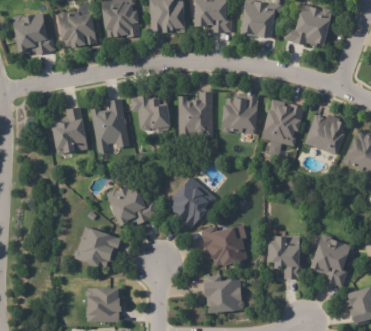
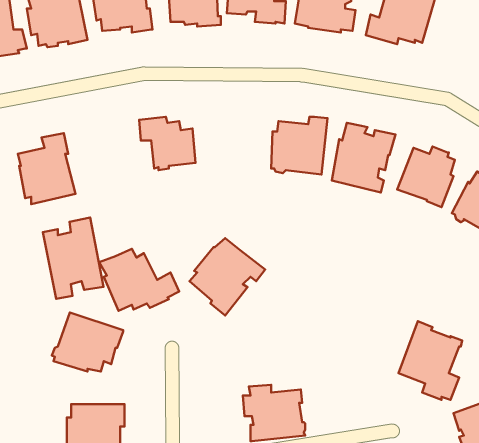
building: [178,91,214,137] -> none
building: [90,98,131,153] -> [43,217,104,299]
building: [200,224,247,266] -> none
building: [266,236,303,279] -> none

